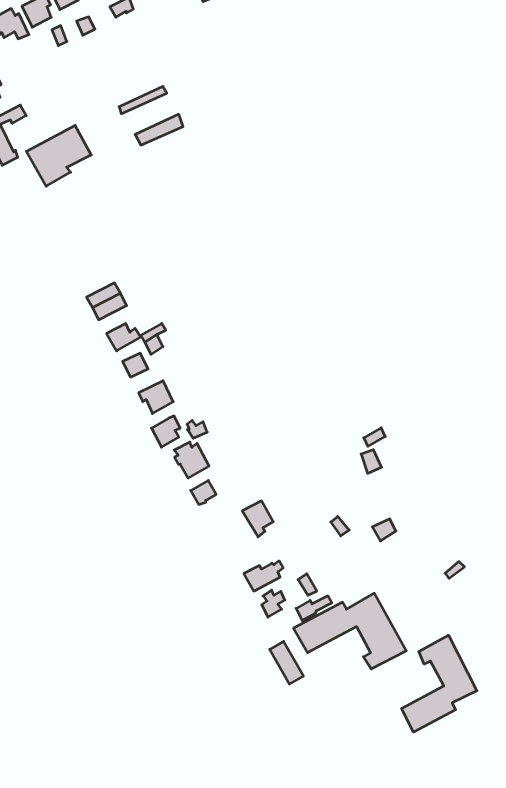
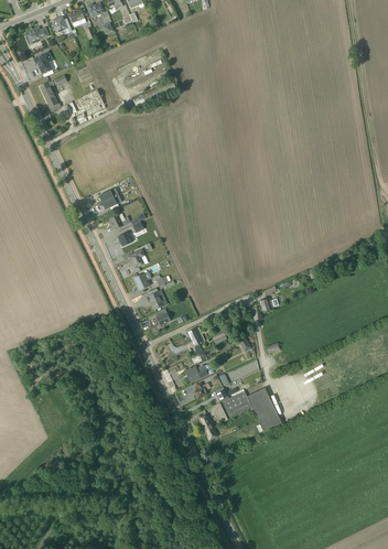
building: [402,635,477,732] -> none

